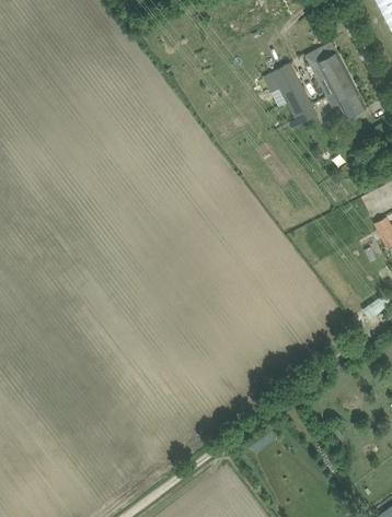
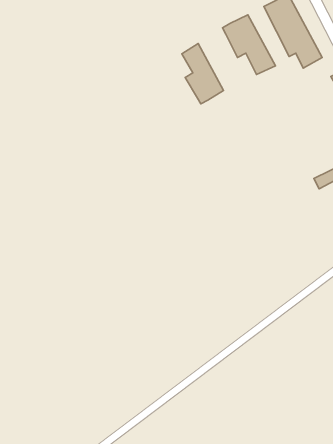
building: none -> [182,43,224,104]

